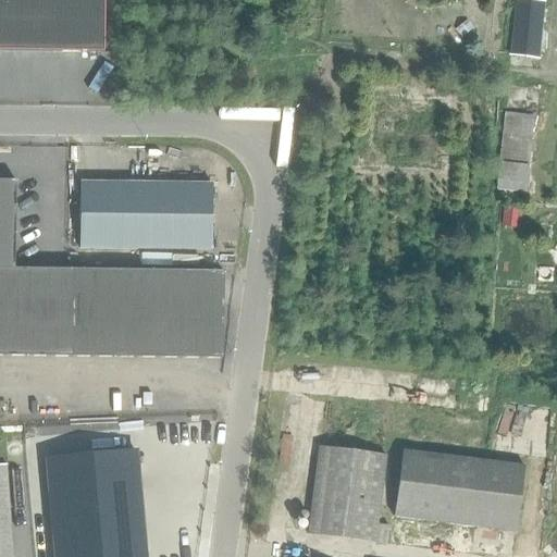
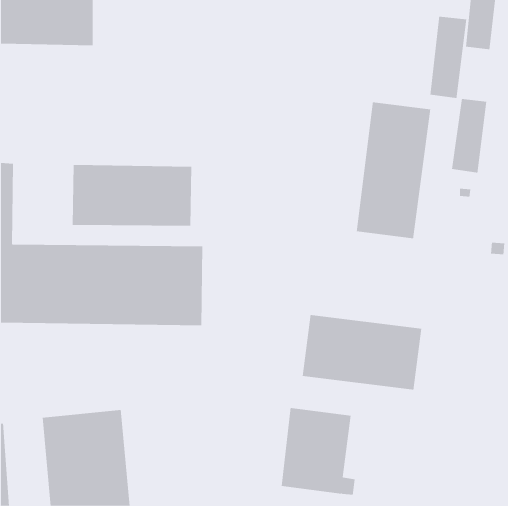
building: none -> [430,16,467,99]
building: none -> [356,102,431,239]
building: [394,447,525,530] -> [302,314,422,390]

